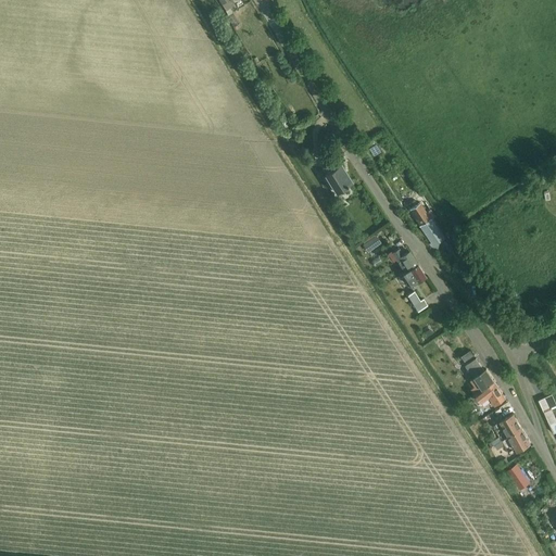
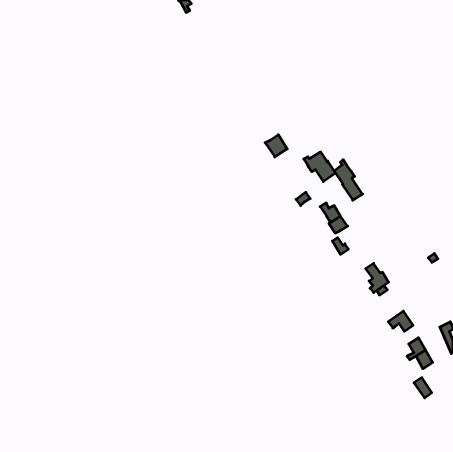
building: none -> [304,152,336,182]
building: [466,359,494,395] -> [366,263,389,293]

